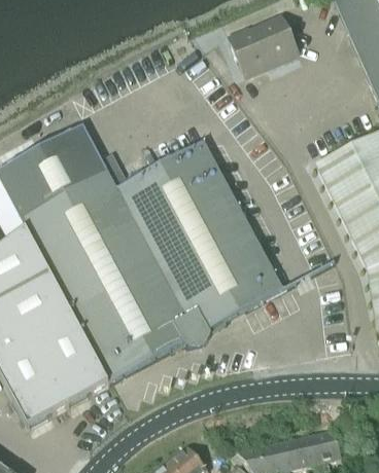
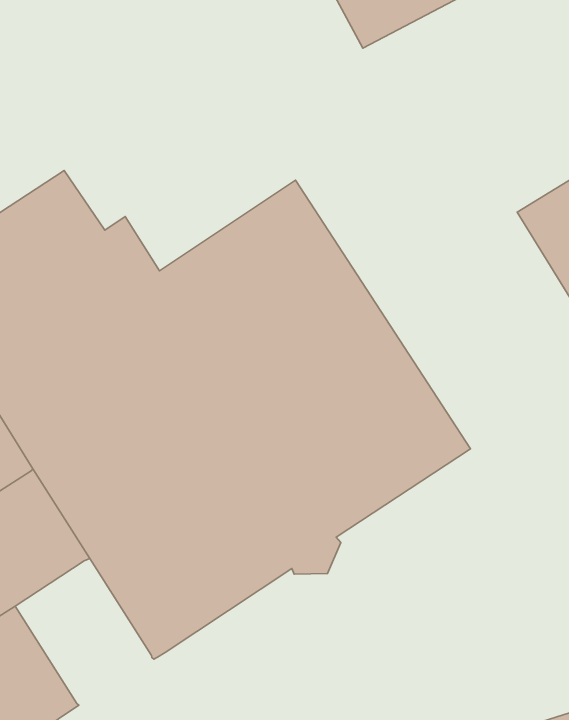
building: [37,327,106,402] -> none

